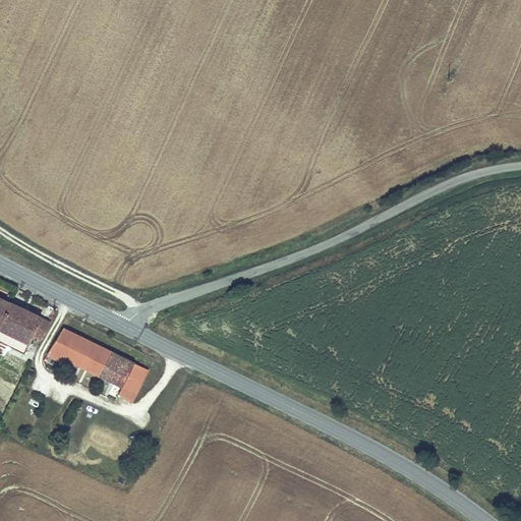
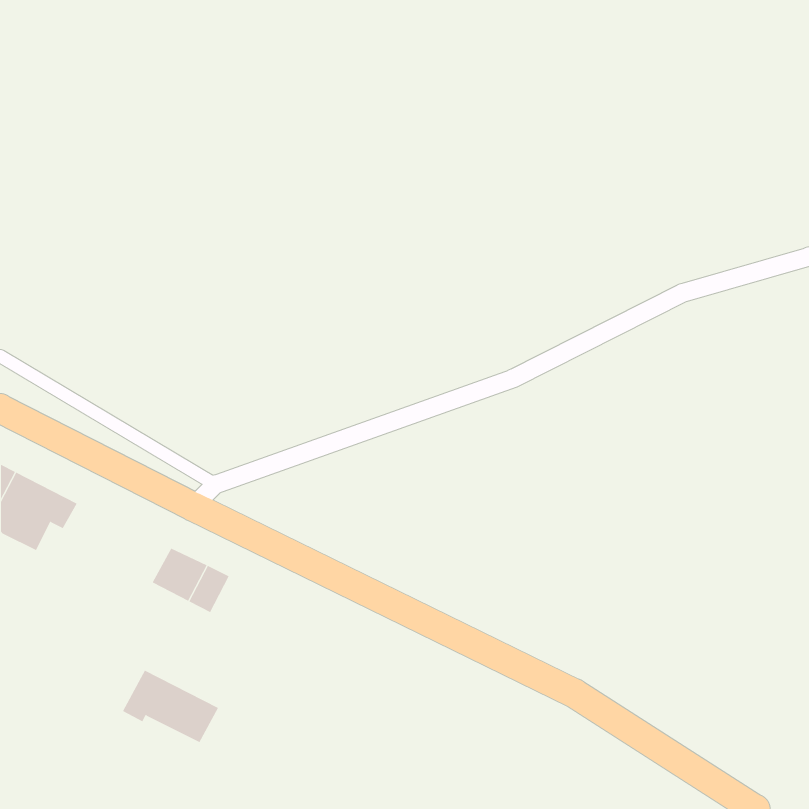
building: [48,328,110,374] -> [122,670,219,743]

